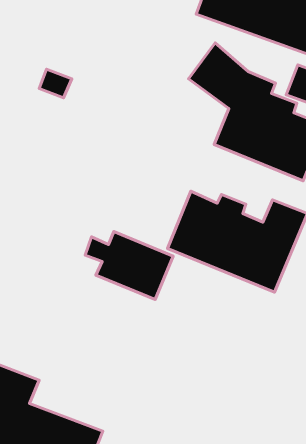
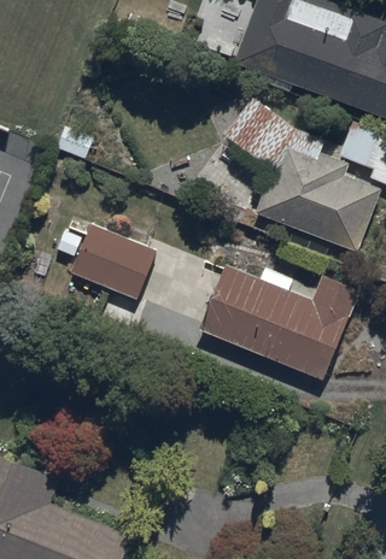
building: [85,232,173,300] -> [57,224,157,301]

